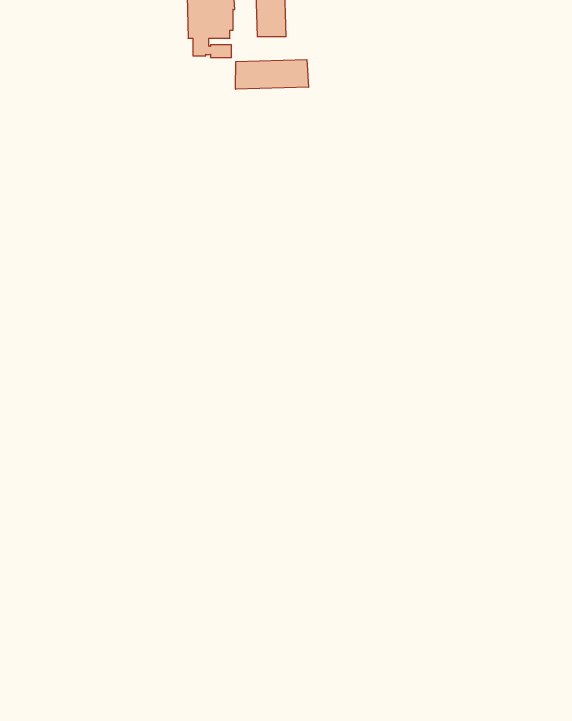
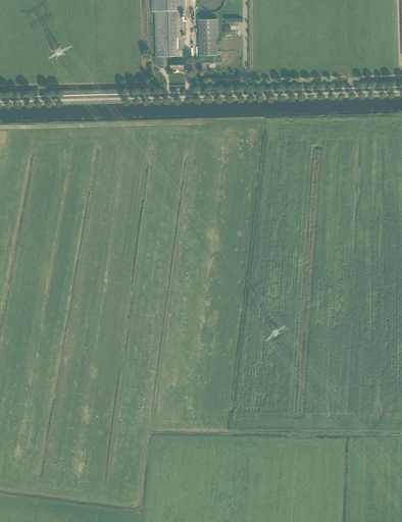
building: [236,60,309,89] -> none

